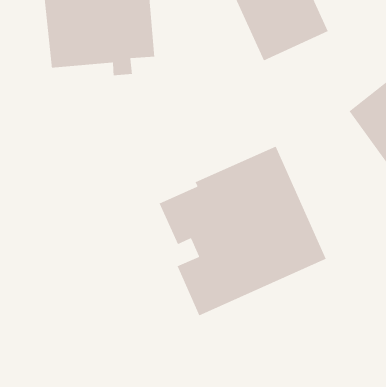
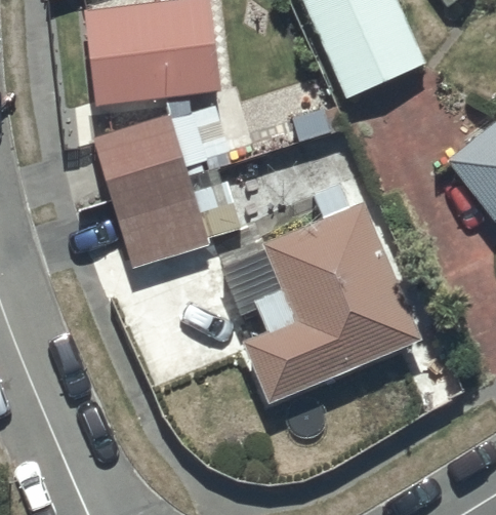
building: none -> [93,117,242,268]

